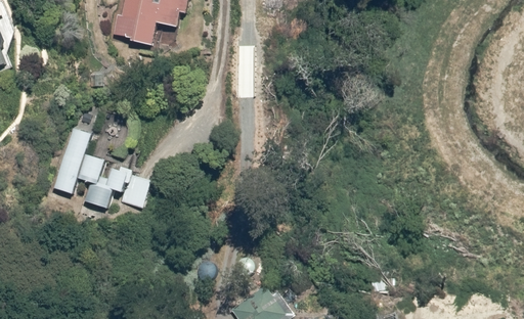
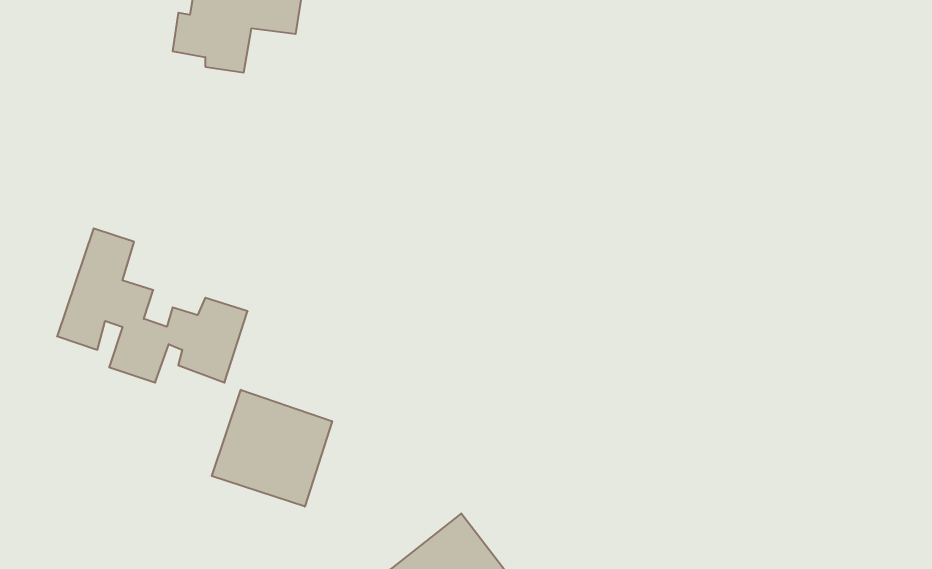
building: none -> [212,390,332,507]

